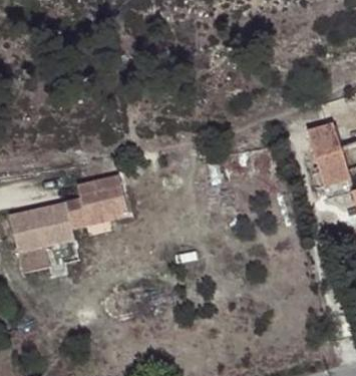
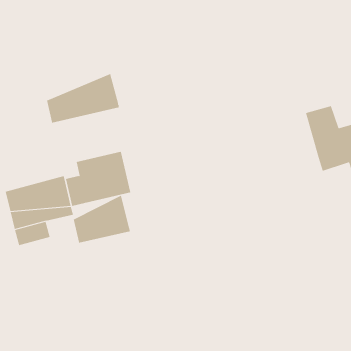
building: none -> [46,73,119,123]
building: none -> [73,195,130,243]

